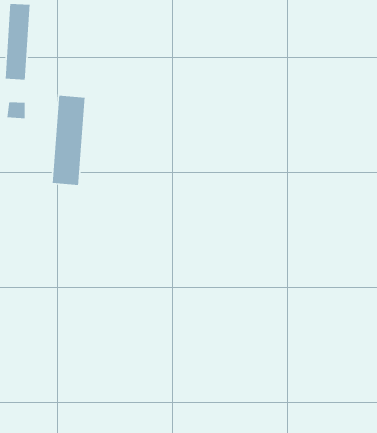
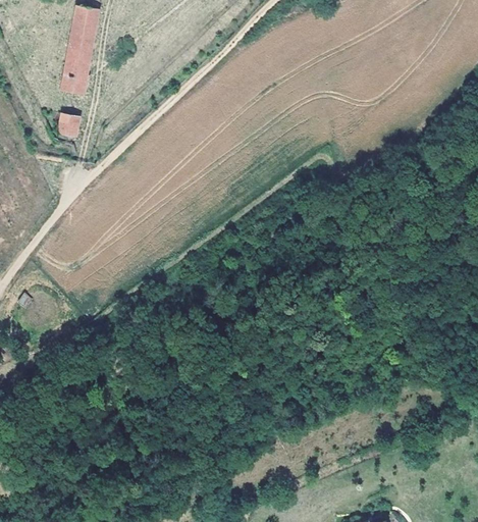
building: [52,95,85,186] -> none

